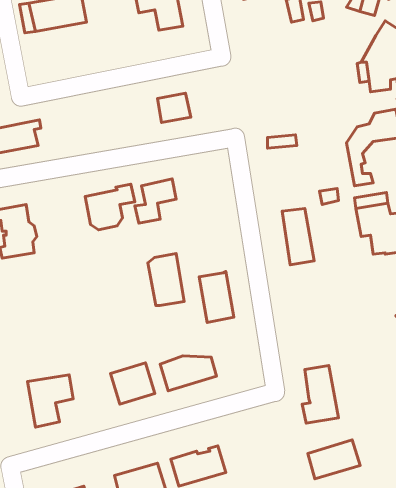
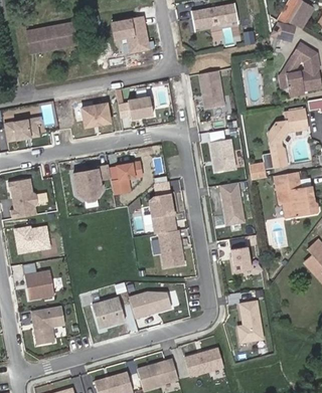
building: none -> [198,68,222,107]
building: none -> [82,103,110,126]
building: none -> [210,138,234,170]
building: [148,253,184,306] -> [149,194,176,233]
building: none -> [13,227,48,253]
building: none -> [231,246,252,271]
building: none -> [21,263,53,301]
building: [308,440,360,479] -> [185,349,224,378]

